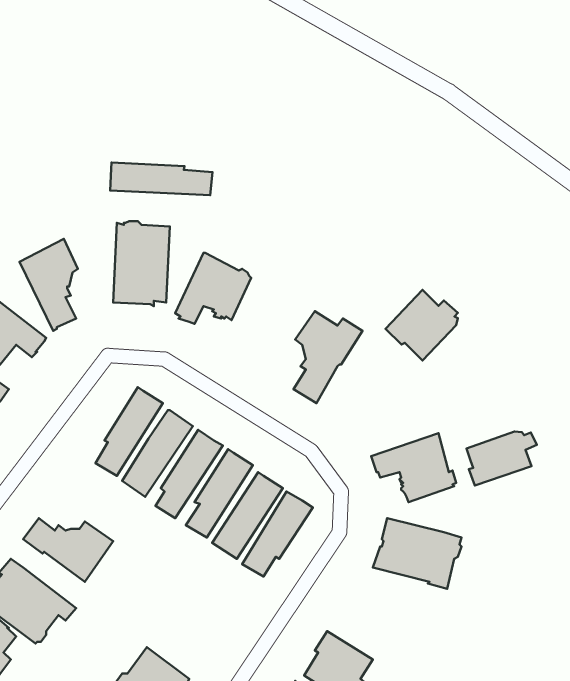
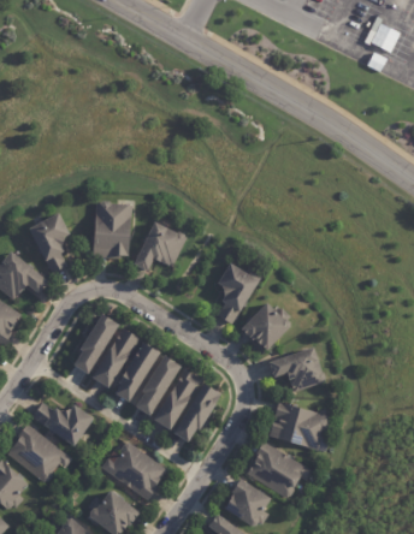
building: [110,163,212,195] -> none
building: [385,290,458,361] -> [239,302,289,350]
building: [466,432,537,486] -> none
building: none -> [244,441,309,499]
building: none -> [105,443,171,500]

